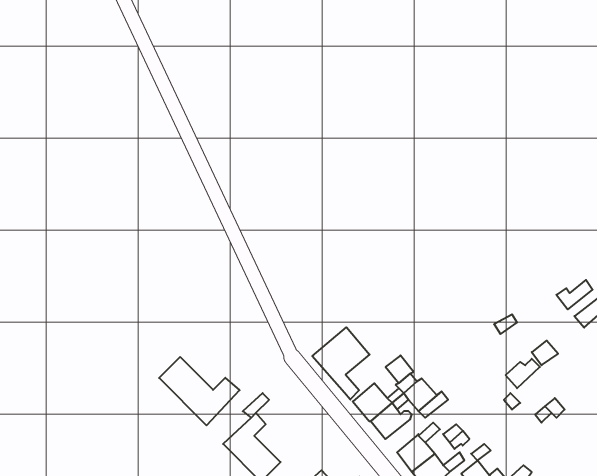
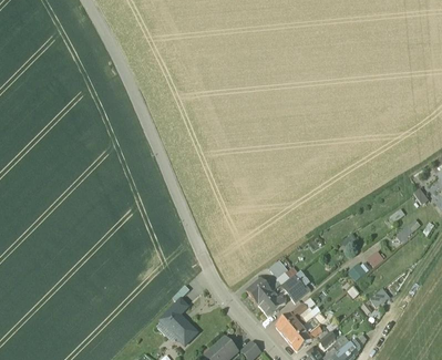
building: [312,327,370,400] -> none
building: [159,357,240,425] -> none

